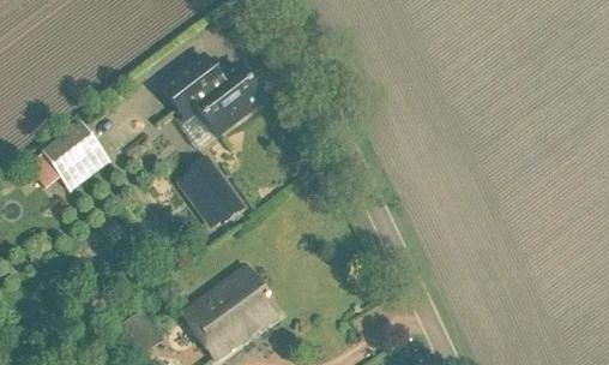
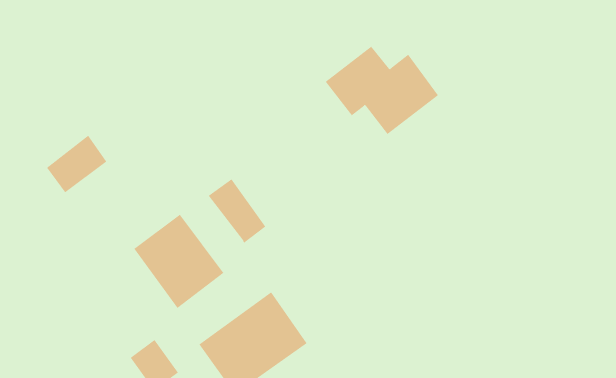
building: [162,56,265,137] -> [325,46,439,135]
building: none -> [134,214,224,309]

